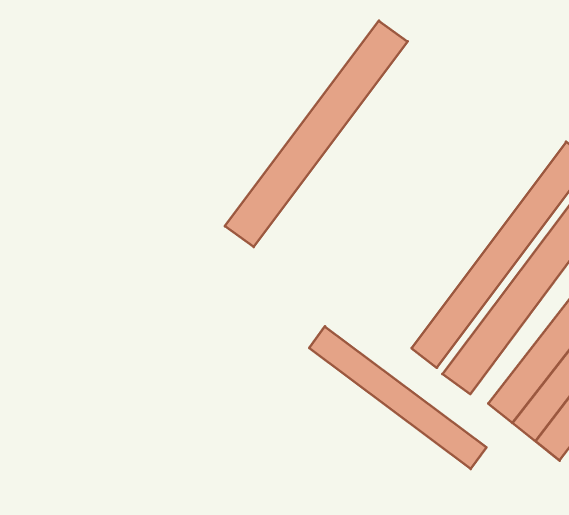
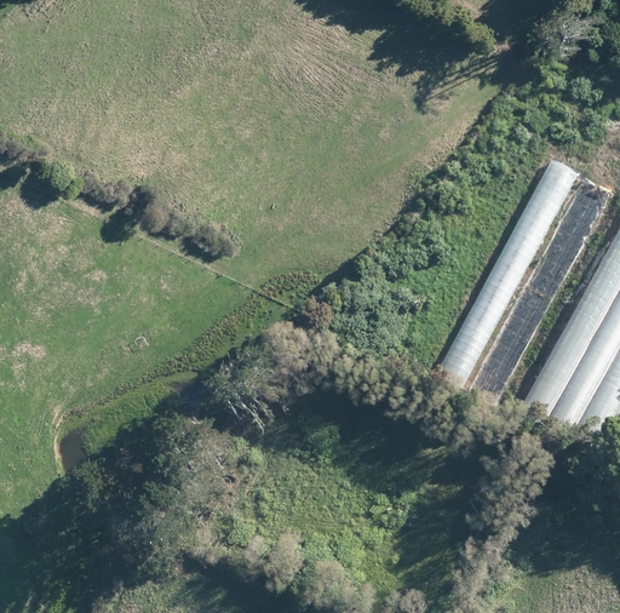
building: [225,21,408,247] -> none
building: [309,326,486,469] -> none

